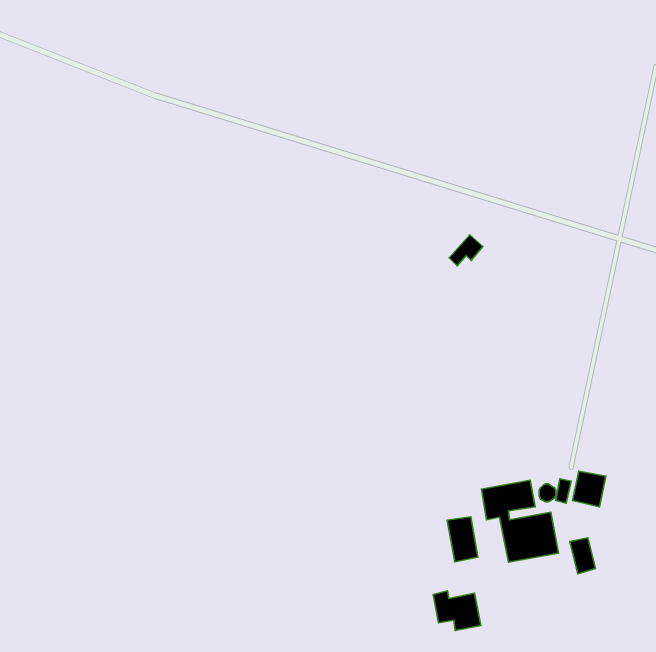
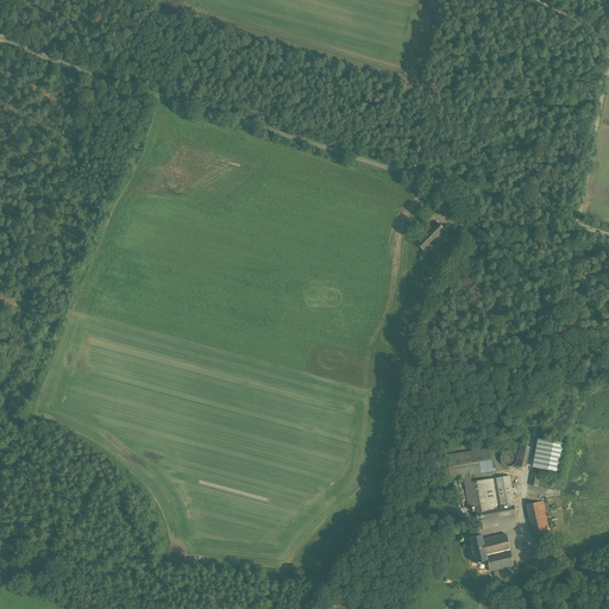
building: [447,517,478,562] -> none
building: [433,591,481,631] -> [467,532,511,569]

